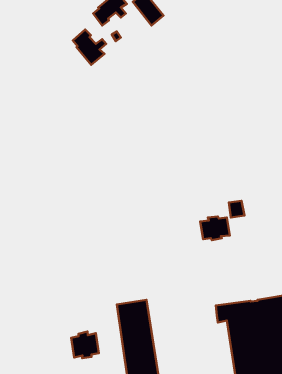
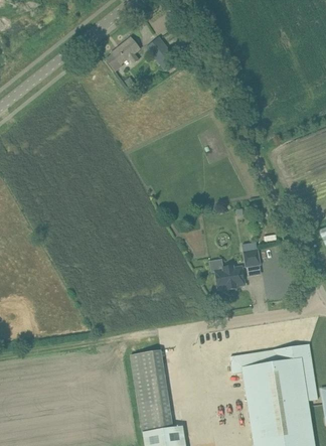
building: [73,29,106,65] -> none
building: [71,332,99,358] -> none

